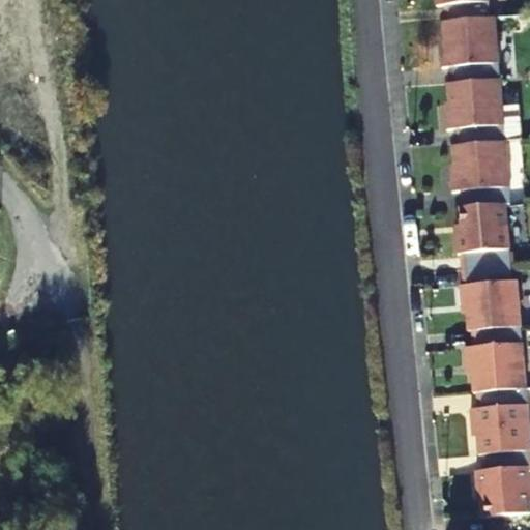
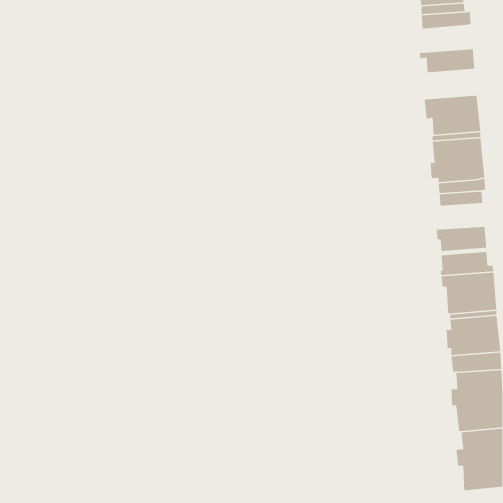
building: [438,26,496,55] -> none
building: [446,77,500,104] -> none
building: [457,213,508,240] -> none

